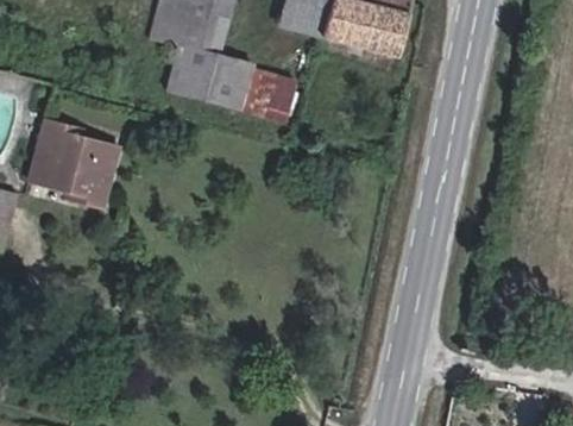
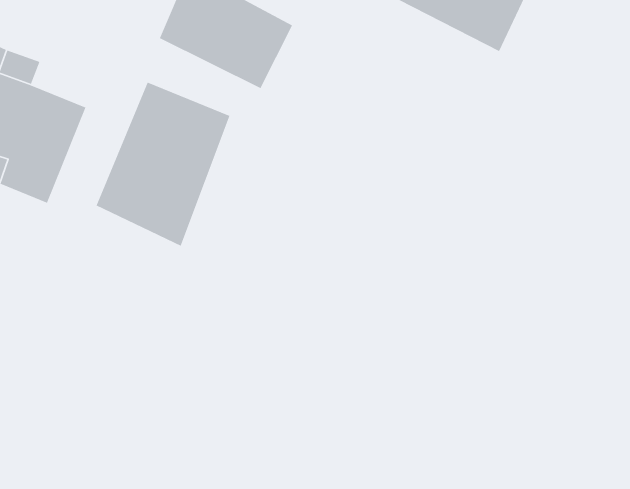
building: [234,64,288,124] -> none
building: none -> [95,82,231,247]

